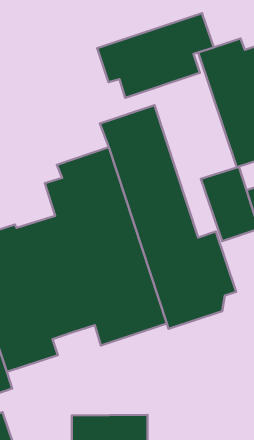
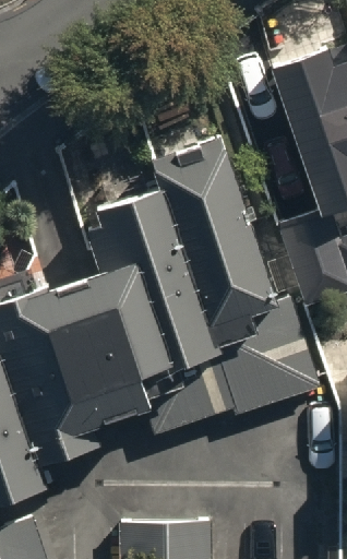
building: [97,13,214,98] -> none

